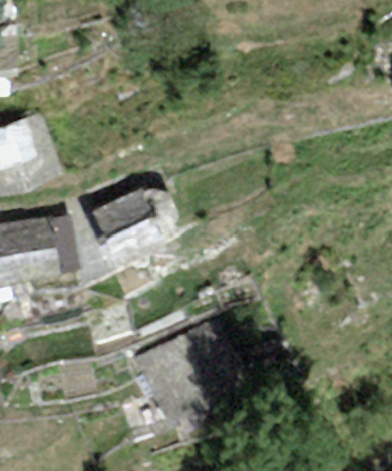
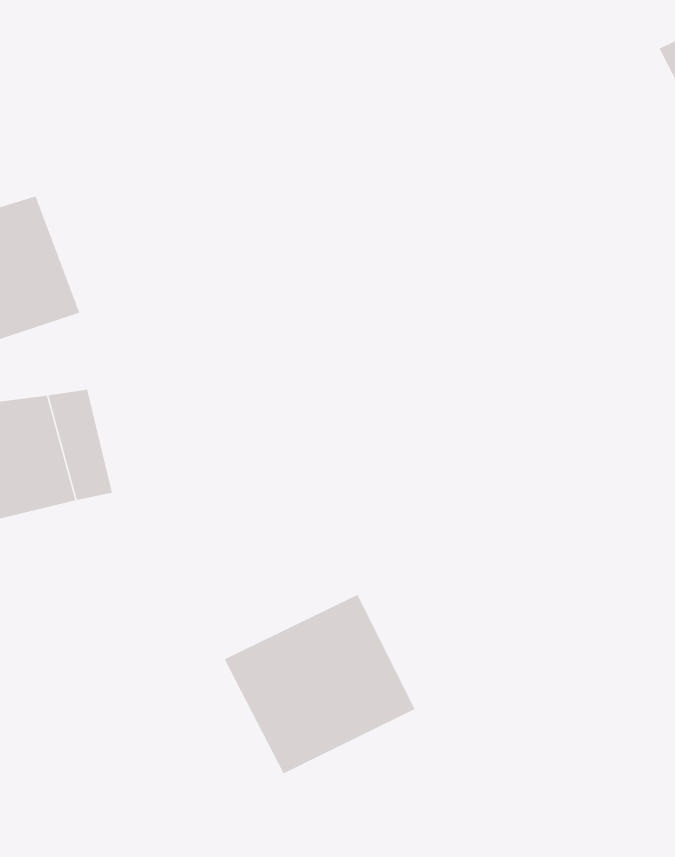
building: [88,189,175,267] -> none

